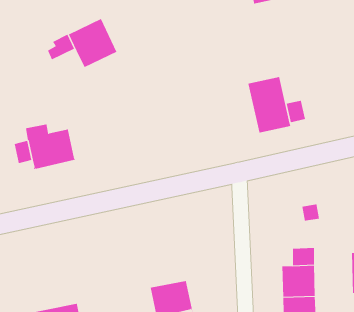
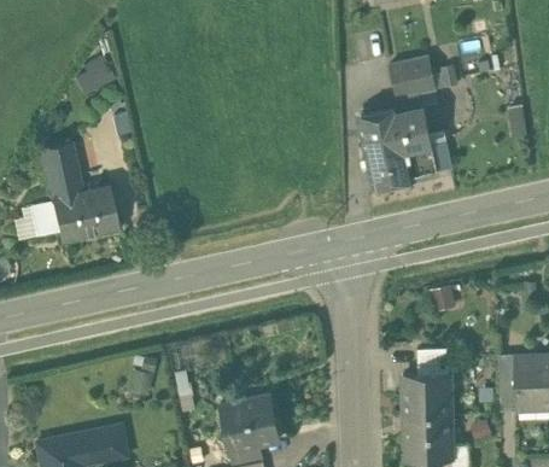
building: [68,18,117,68] -> none
building: none -> [390,56,437,99]
building: none -> [401,107,431,150]
building: none -> [40,141,78,183]

